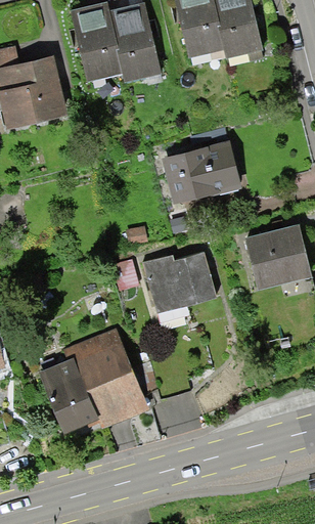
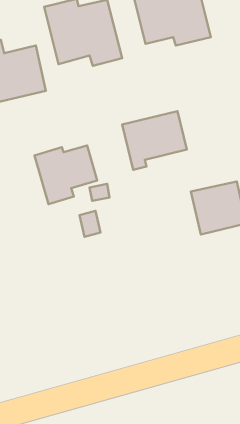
building: [139,253,216,324] -> [34,145,97,204]
building: [38,331,148,434] -> none

